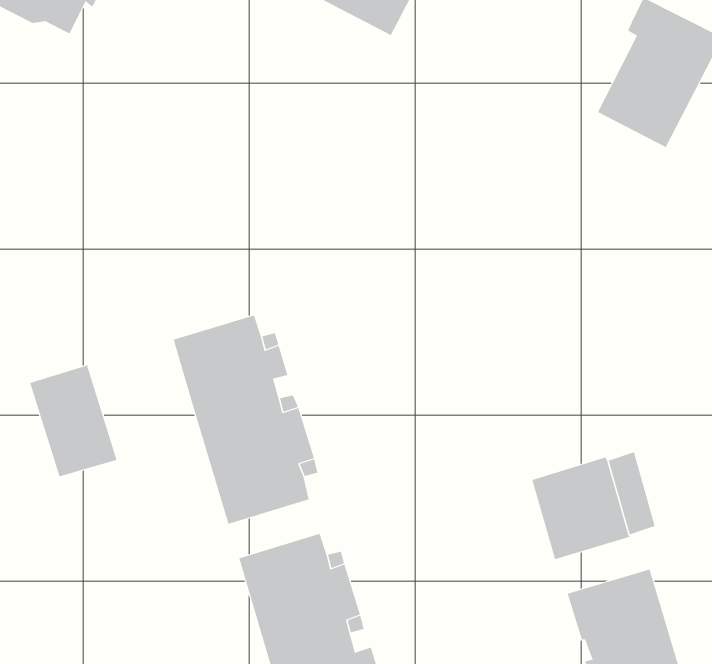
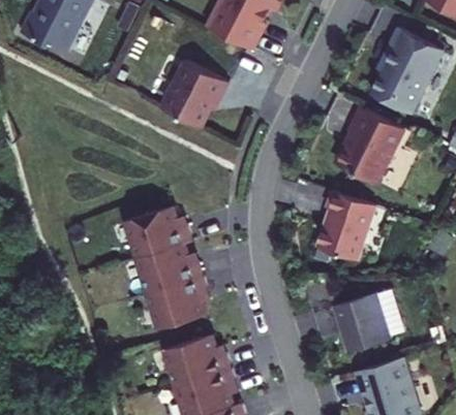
building: none -> [159,59,226,127]
building: none -> [335,105,404,184]
building: none -> [317,190,375,259]
building: [29,365,117,477] -> none

